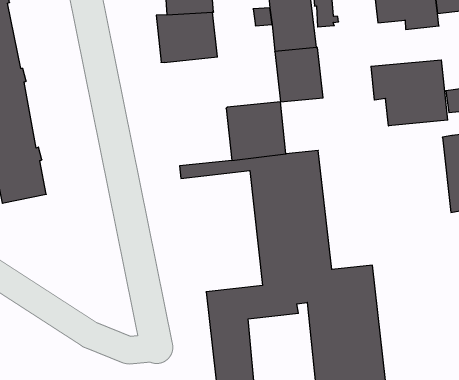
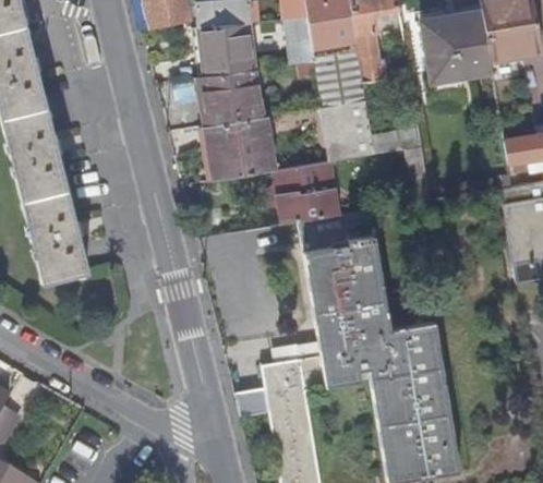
building: none -> [205,116,274,179]
building: [371,60,448,126] -> none

